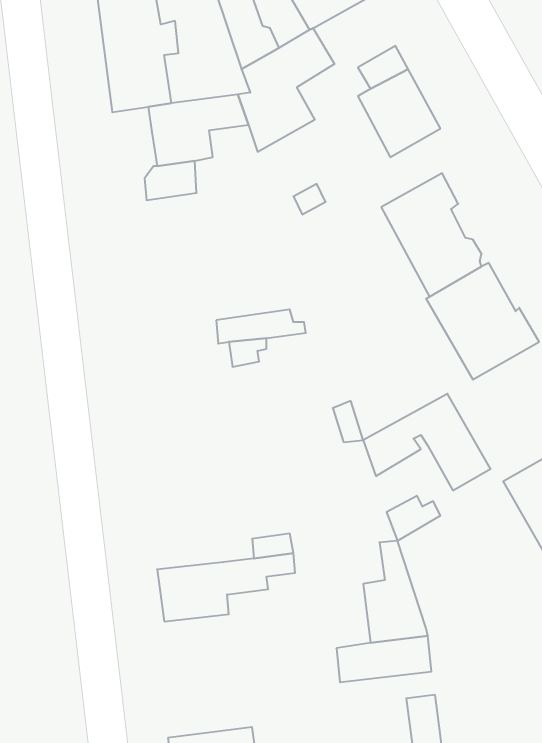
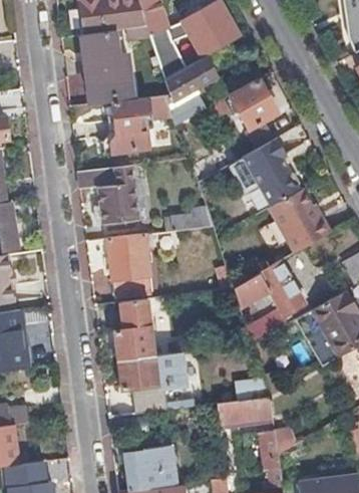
building: none -> [78,166,137,224]
building: none -> [107,235,151,297]
building: none -> [113,299,154,360]

